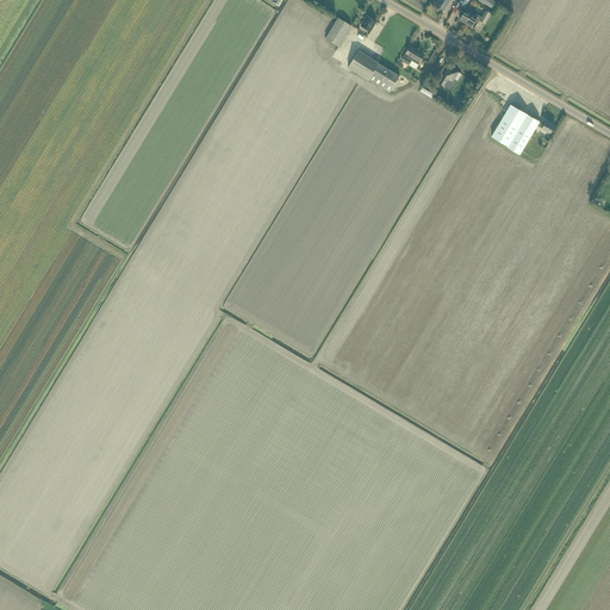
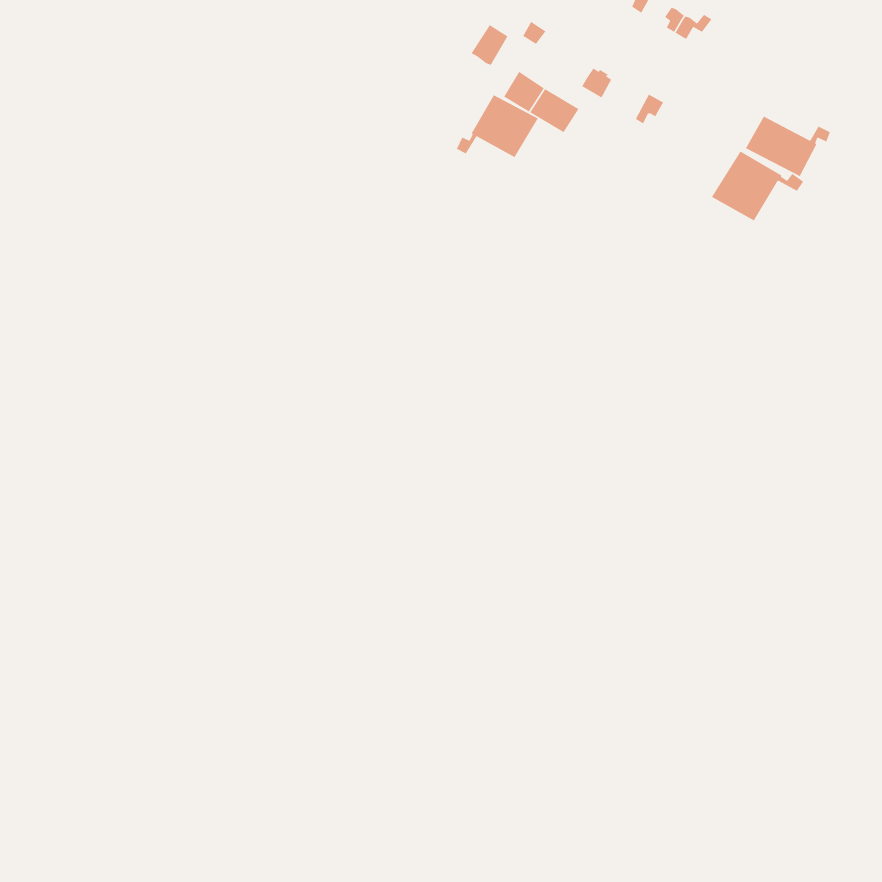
building: none -> [456,94,539,158]
building: none -> [745,116,831,177]

